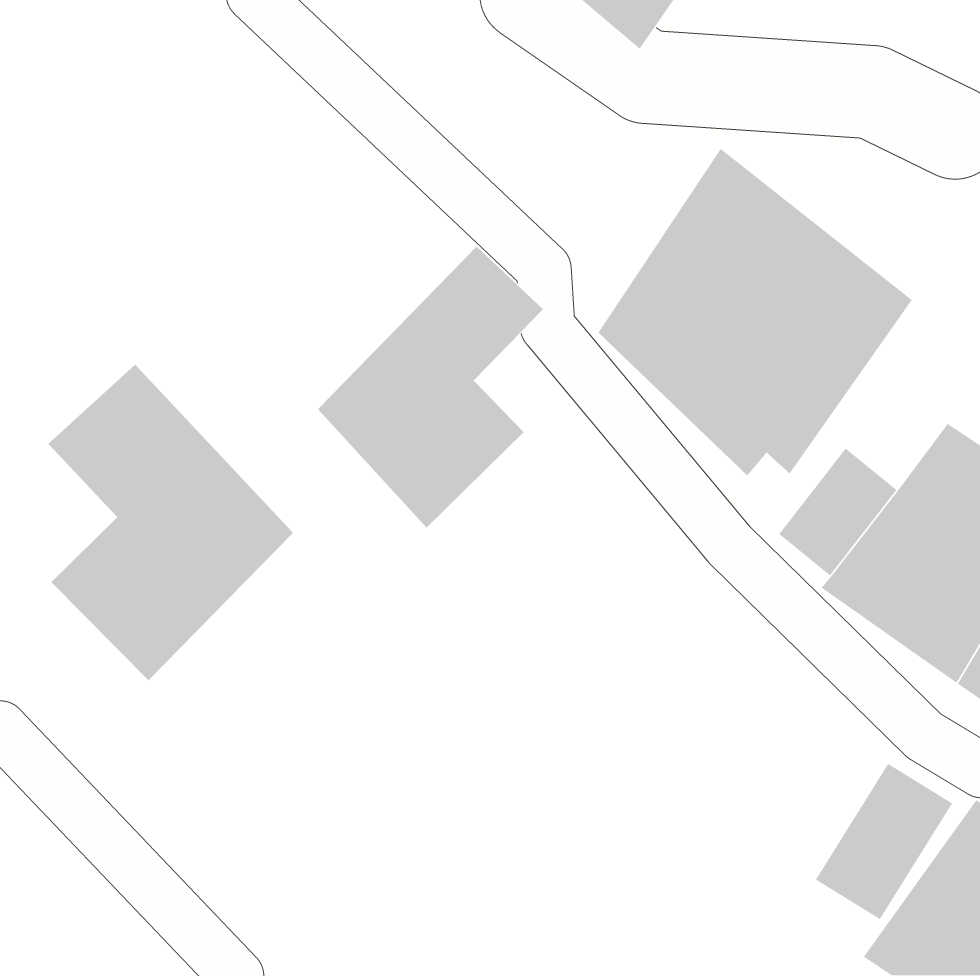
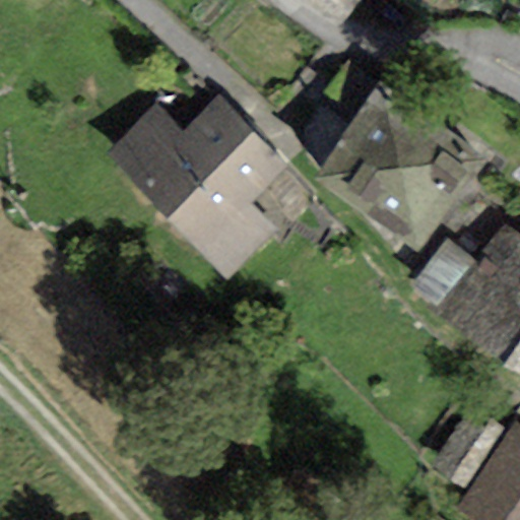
building: none -> [108,93,253,216]
building: [48,364,294,681] -> none

